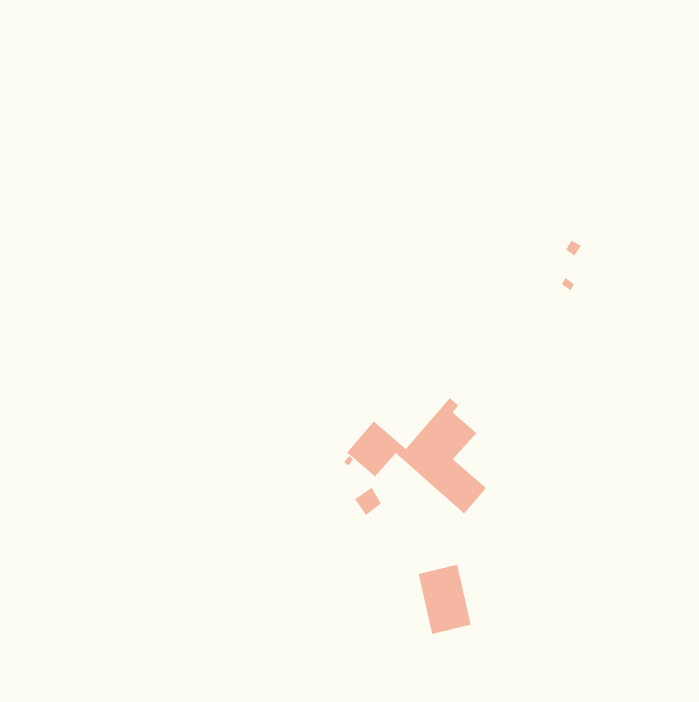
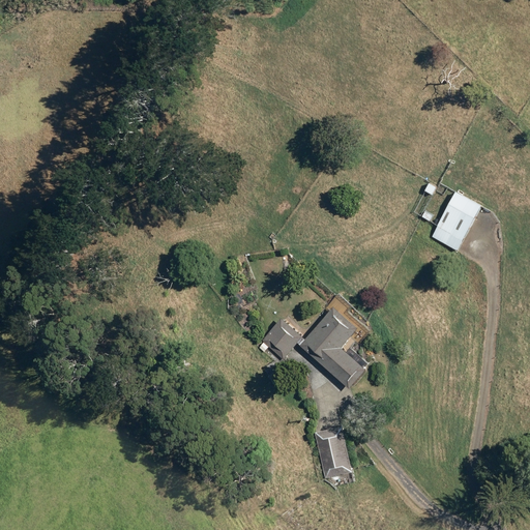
building: none -> [431,190,481,251]

